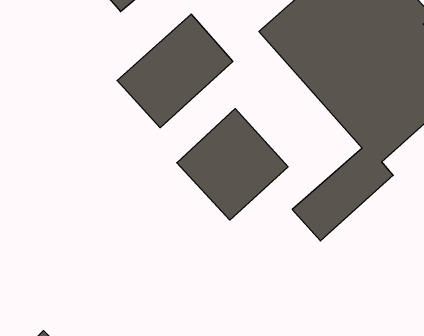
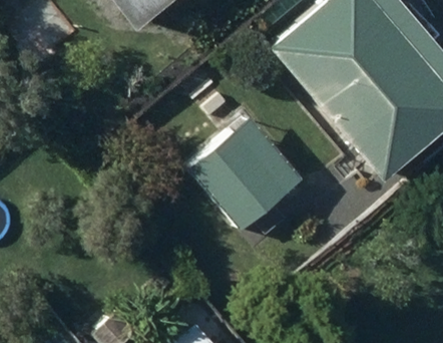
building: [117,14,233,128] -> none

